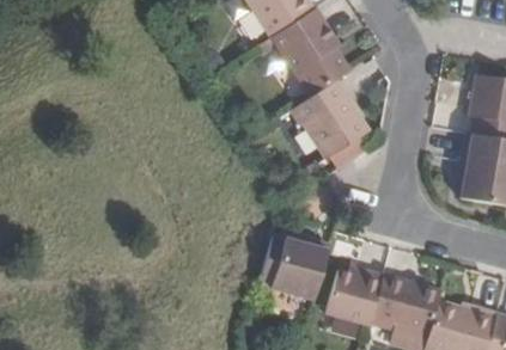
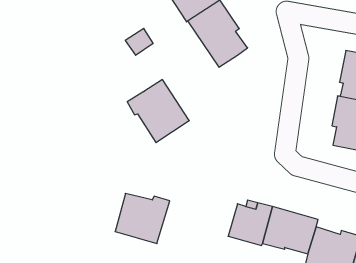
building: [292,80,372,161] -> [127,80,189,143]
building: [260,237,330,301] -> [115,193,170,244]

